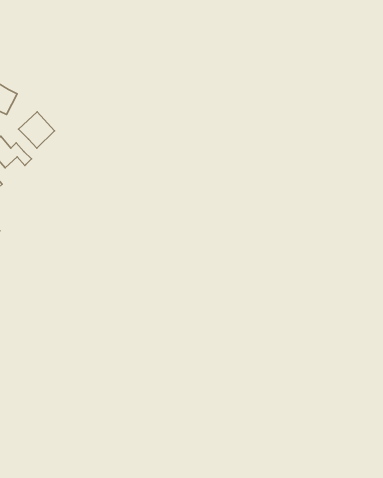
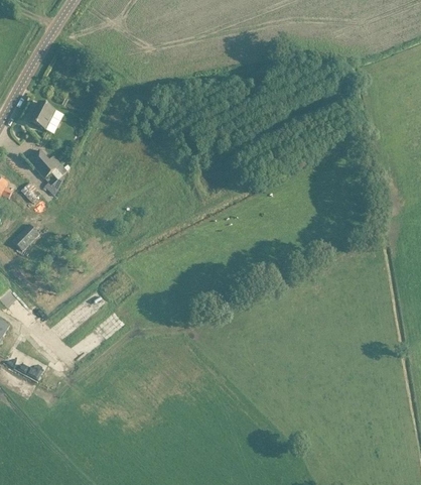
building: [19,112,54,148] -> none

